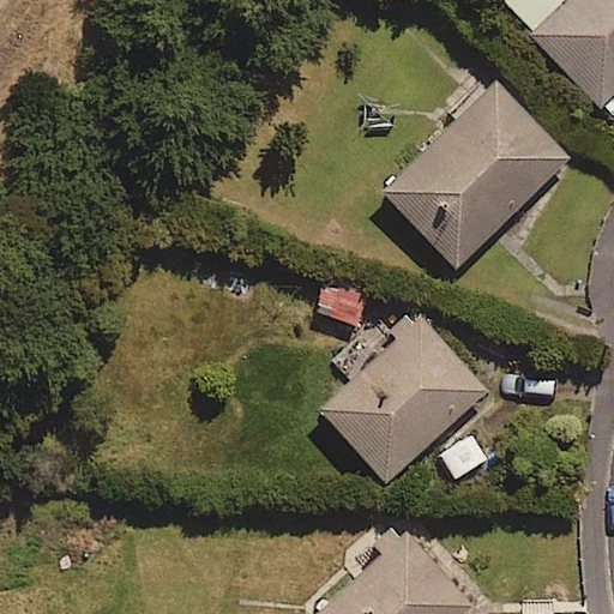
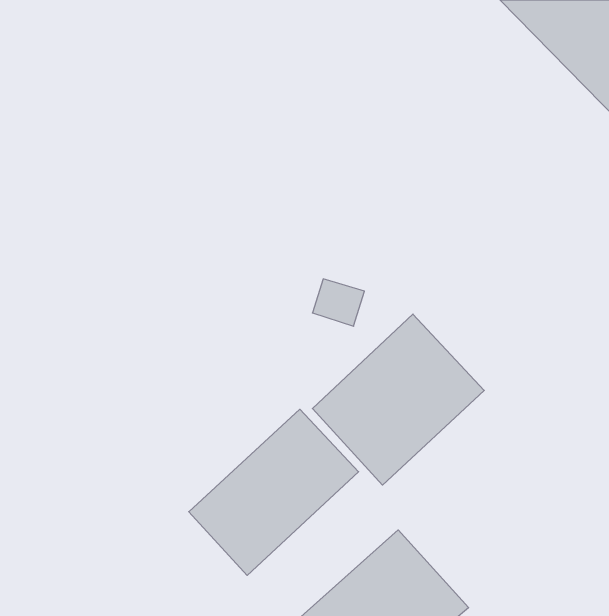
building: [383,83,568,267] -> none
building: none -> [189,409,359,575]

